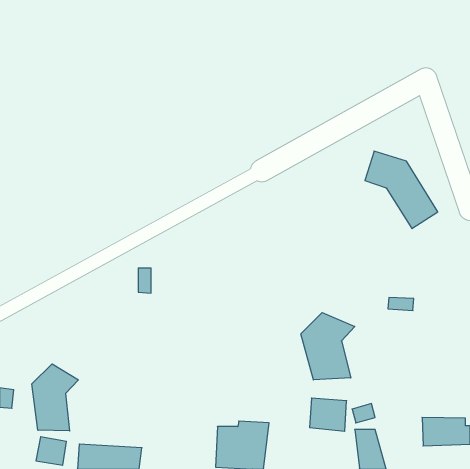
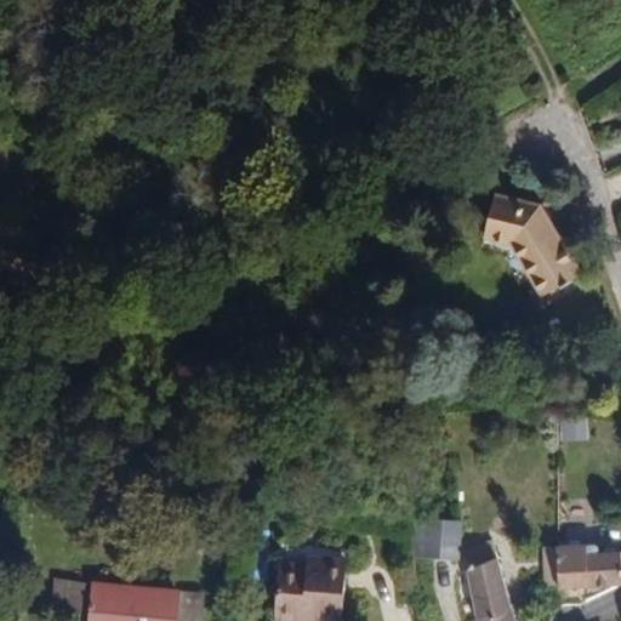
building: [301,313,355,380] -> none
building: [32,364,78,431] -> none

